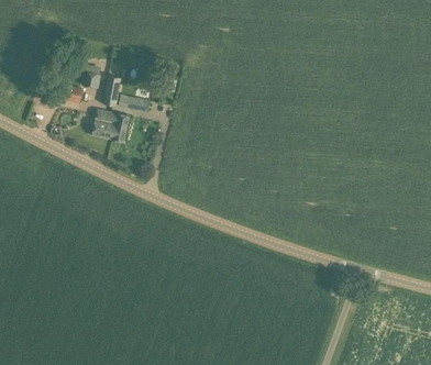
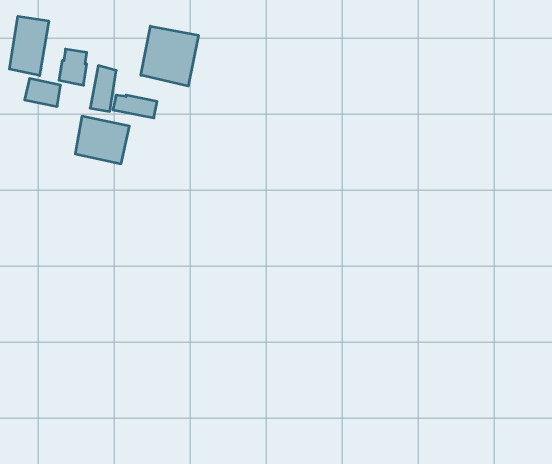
building: none -> [9,16,49,76]
building: none -> [141,26,198,86]

